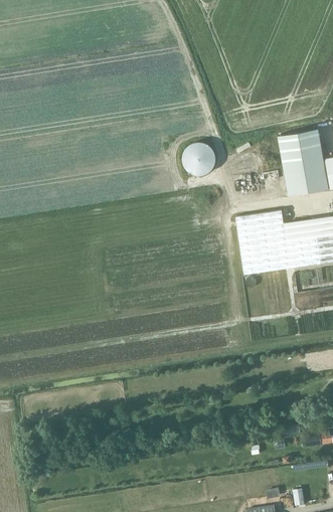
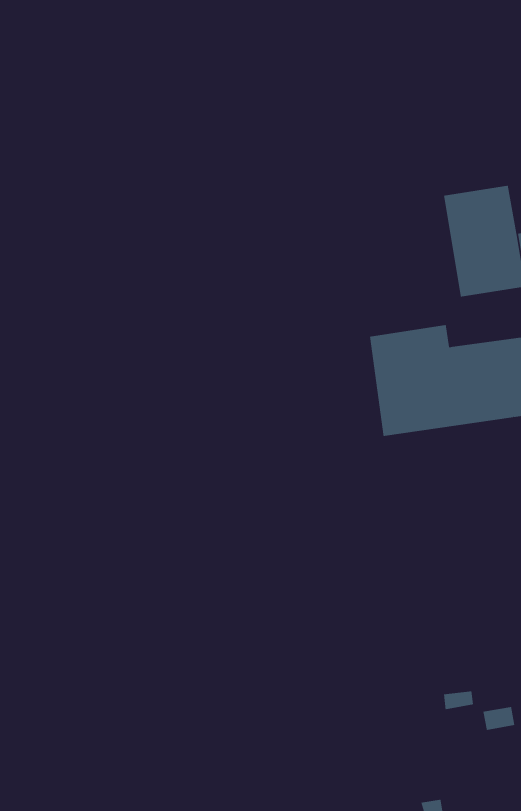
building: [186,146,215,174] -> none

